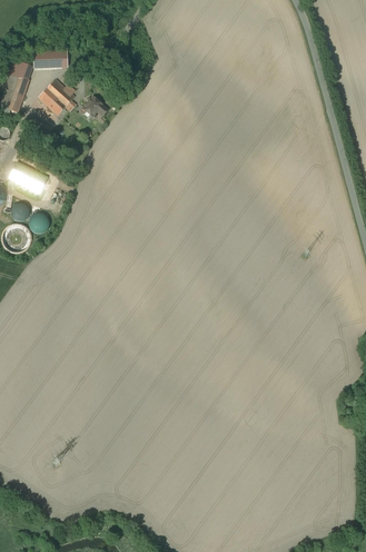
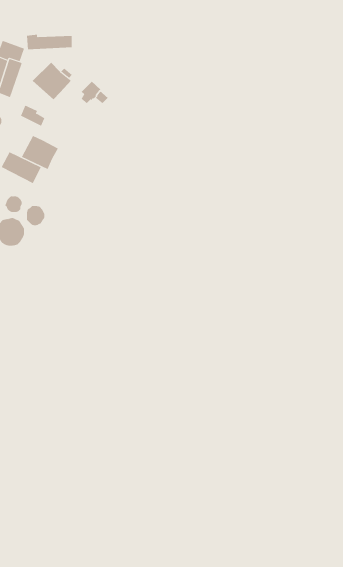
building: none -> [21,135,58,170]

